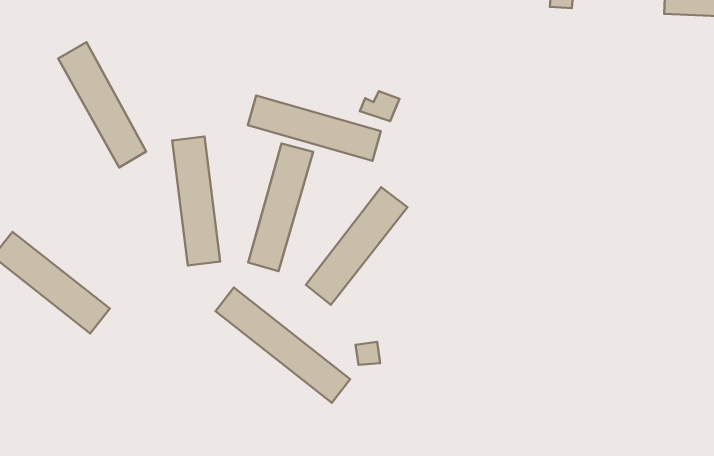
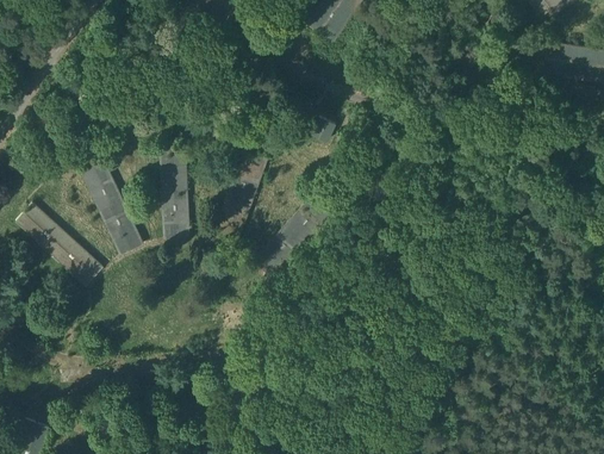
building: [58,42,146,167] -> [80,157,142,255]
building: [248,96,381,161] -> none
building: [216,288,350,403] -> none

